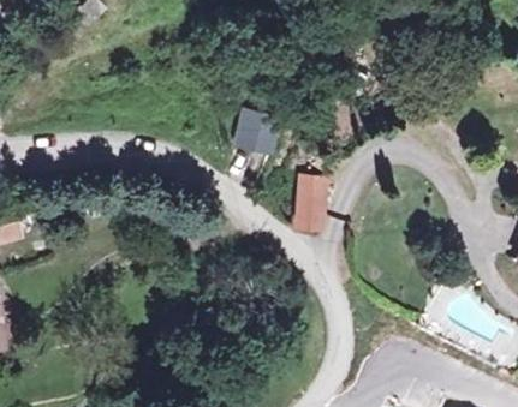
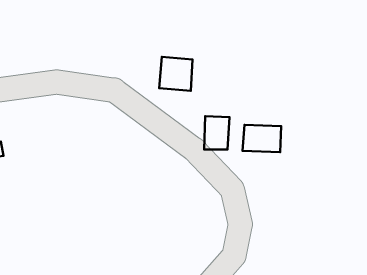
building: none -> [242,125,281,152]

